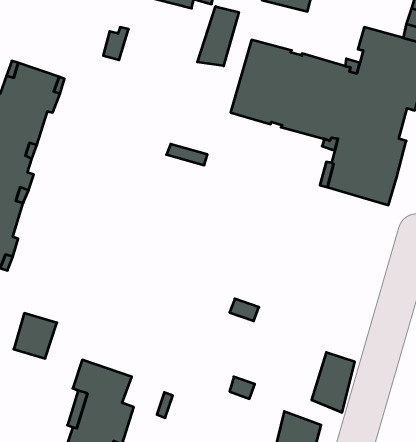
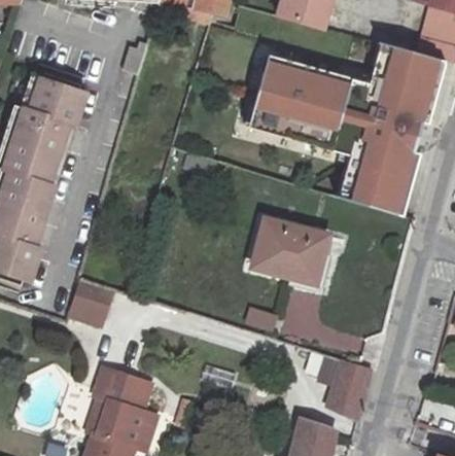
building: [197,6,239,66] -> none
building: none -> [253,218,329,284]
building: [14,313,57,358] -> [71,279,113,323]

